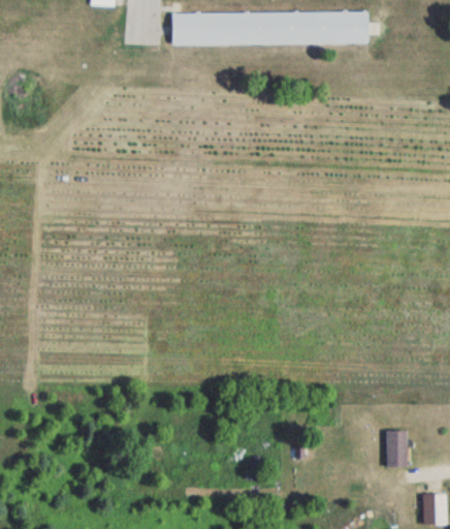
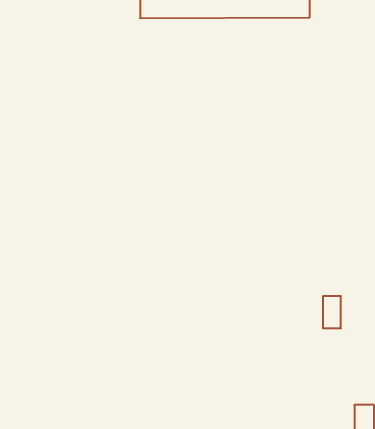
building: [385,428,406,465] -> [323,296,341,328]

